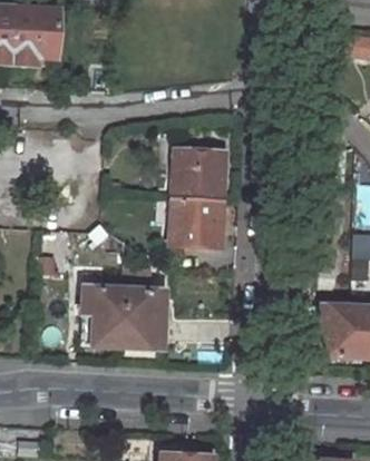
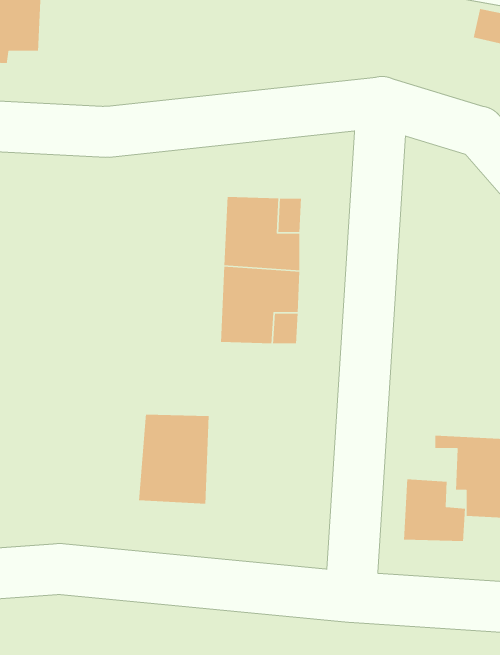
building: [84,286,124,344] -> none
building: none -> [403,478,466,542]

